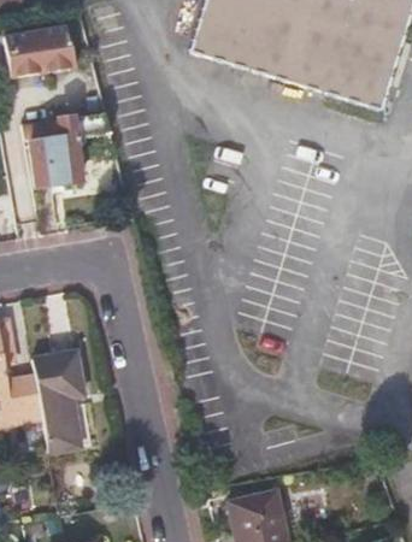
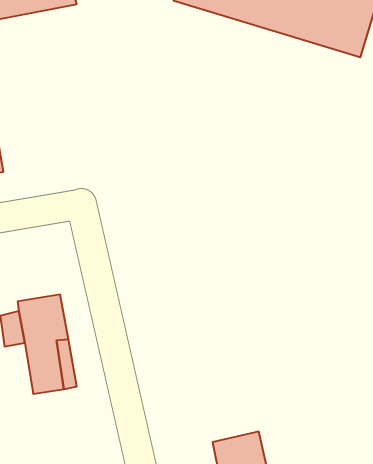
building: [28,113,90,185] -> none

